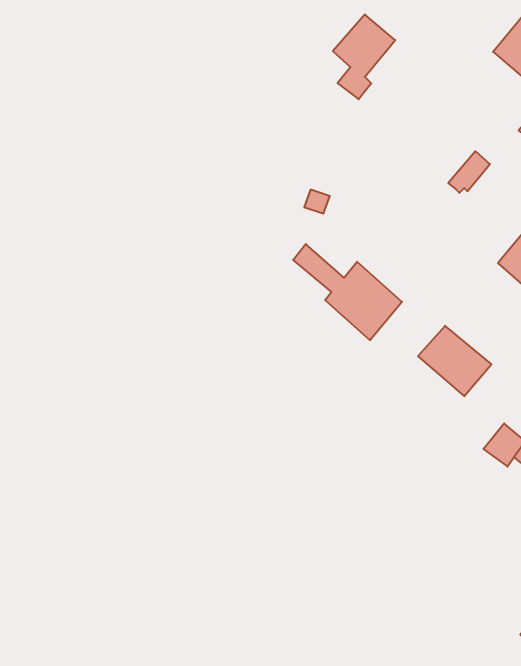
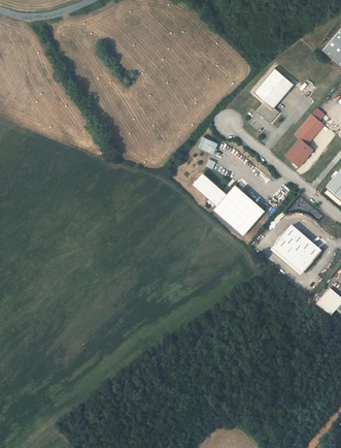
building: [333,14,395,99] -> [253,68,294,123]
building: none -> [285,138,312,166]

